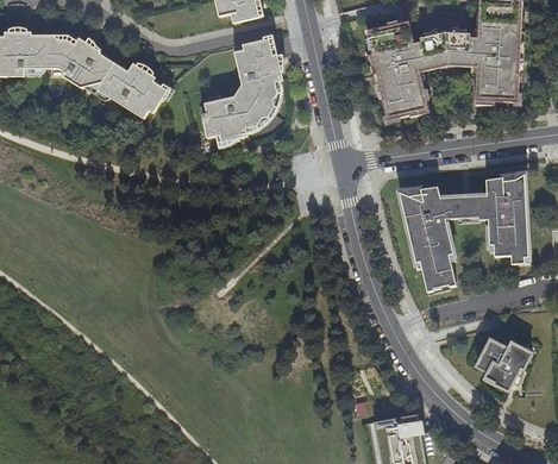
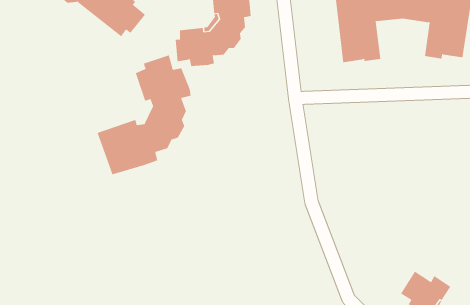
building: none -> [97,54,191,175]
building: [396,173,528,290] -> none

